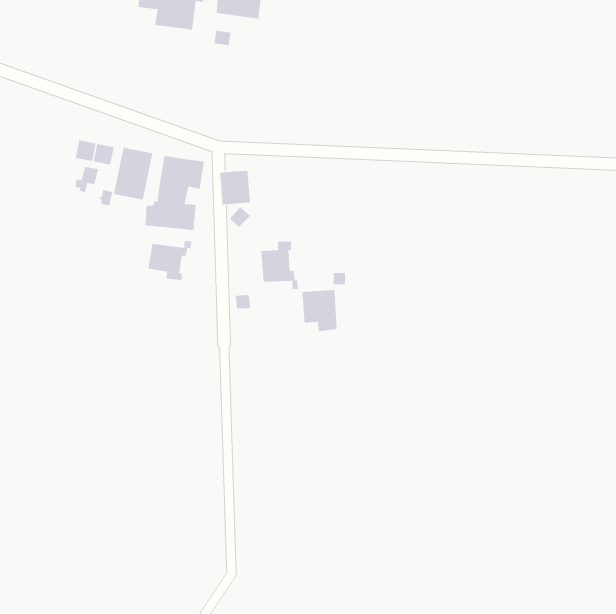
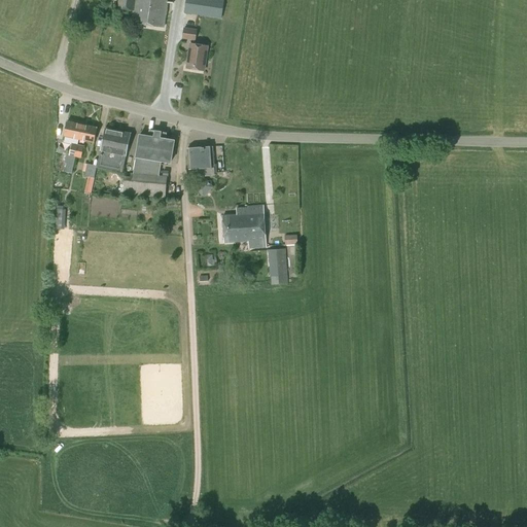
building: none -> [186,41,208,69]
building: none -> [247,204,267,247]
building: [148,240,192,281] -> none

